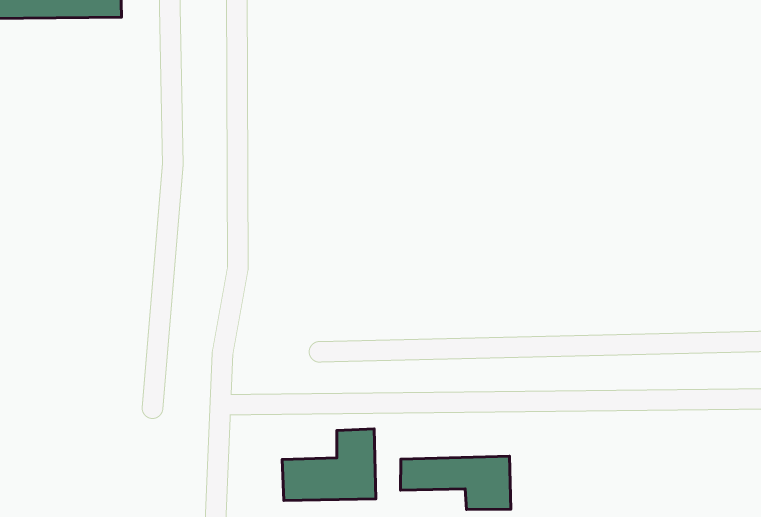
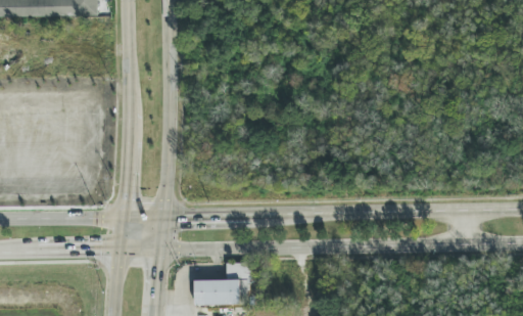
building: [401,456,511,510] -> none

